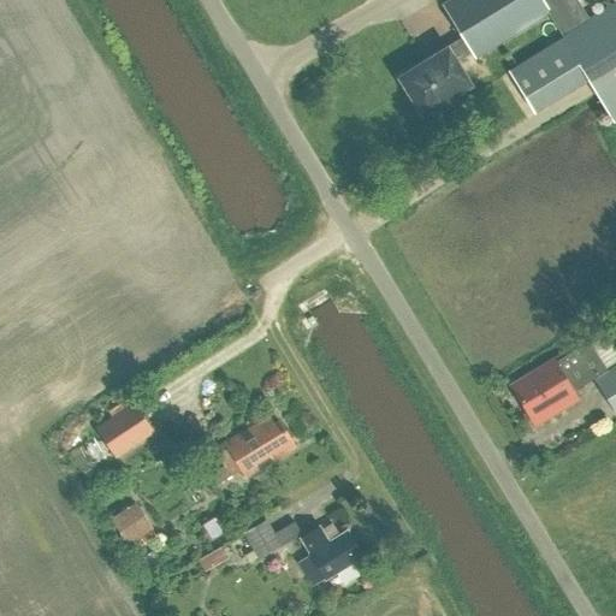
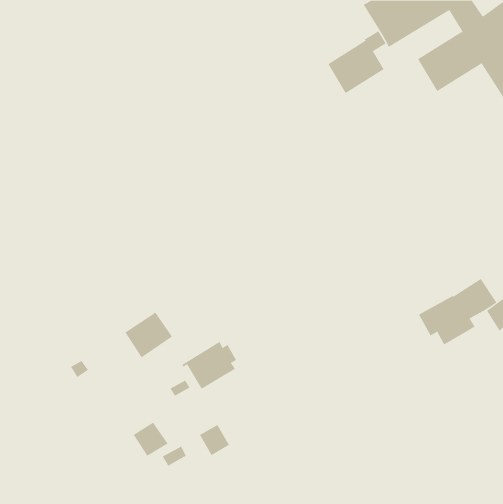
building: [96,399,155,456] -> [124,312,173,358]
building: [111,500,154,543] -> [133,422,168,456]
building: [302,526,365,579] -> none

